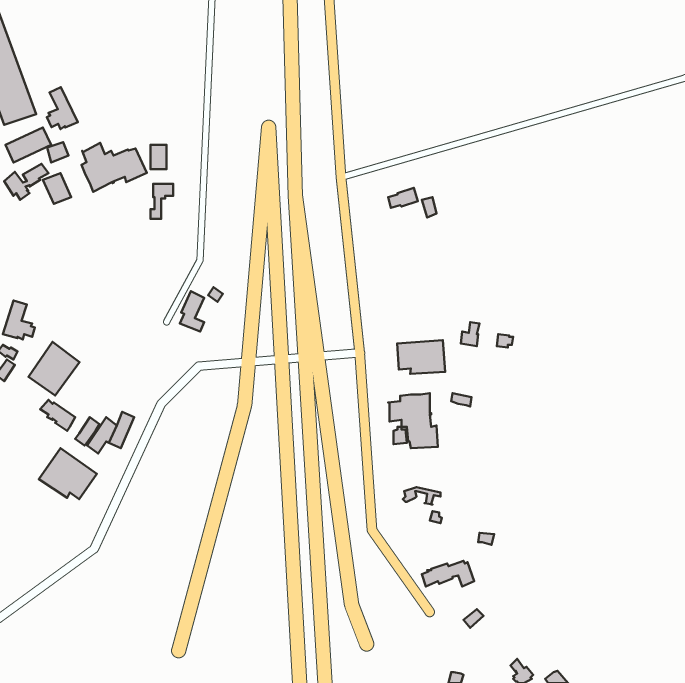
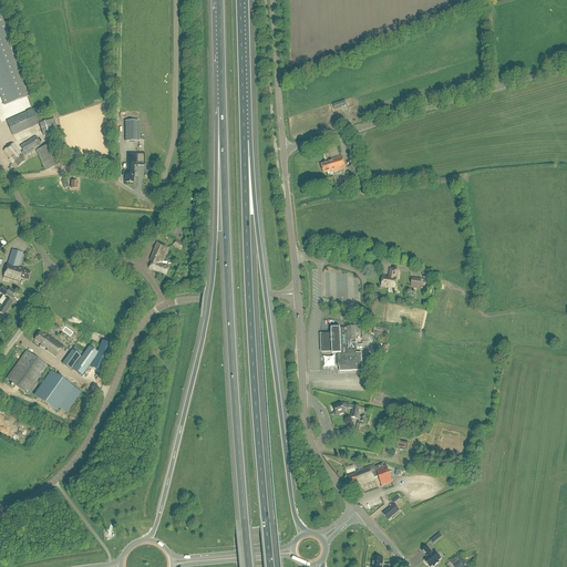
building: [47,87,78,129] -> none
building: [82,143,147,192] -> none
building: [397,340,445,374] -> none
building: [28,342,79,396] -> [6,349,48,393]

